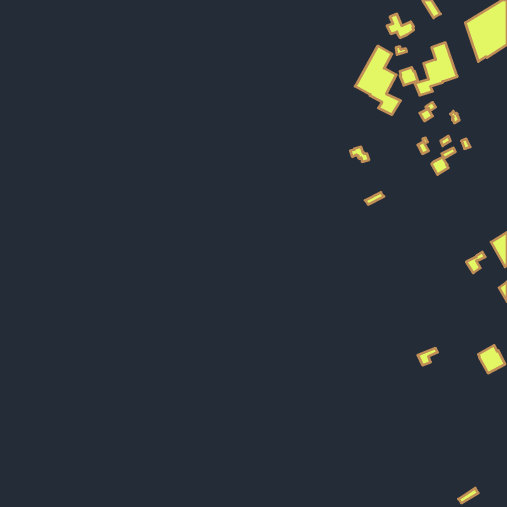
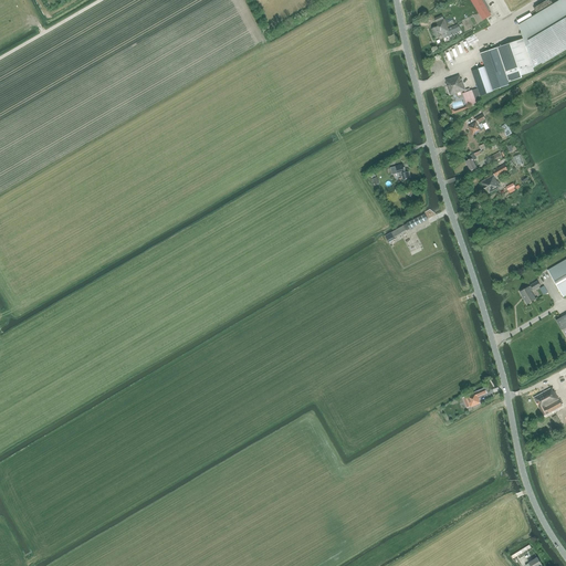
building: none -> [496,39,534,83]
building: [355,46,401,115] -> none

